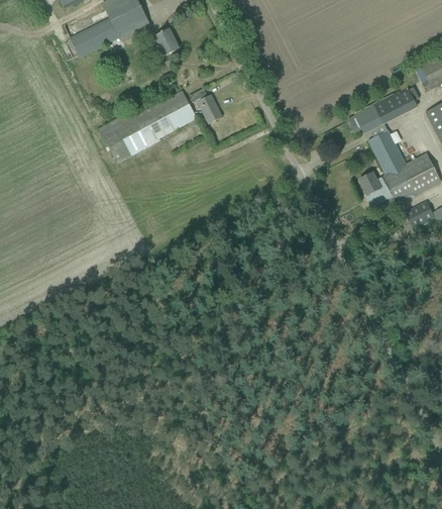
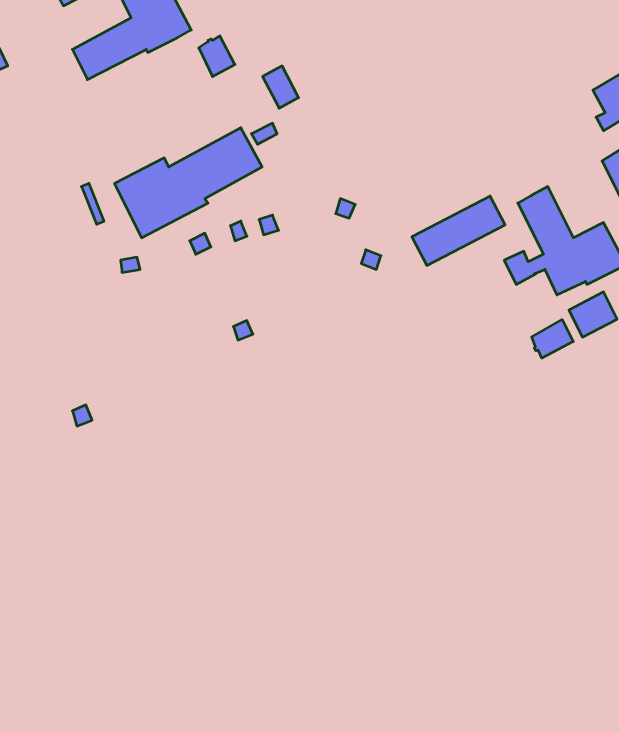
building: [354,87,417,133] -> [412,196,505,265]
building: [198,95,222,123] -> [263,66,299,108]
building: none -> [532,320,573,358]

